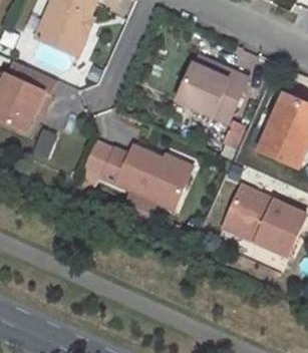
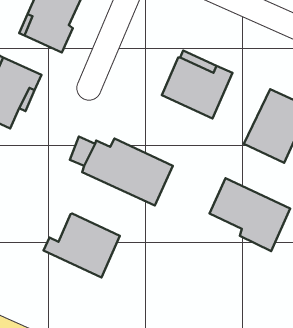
building: none -> [43,213,120,277]

